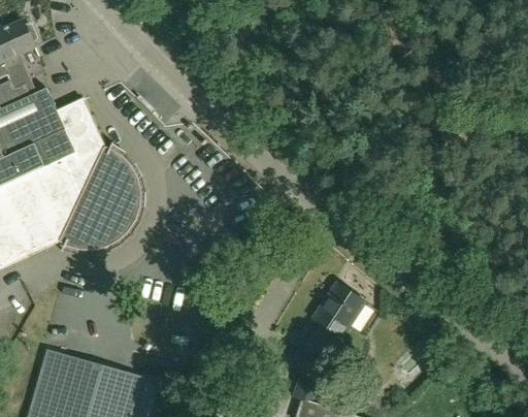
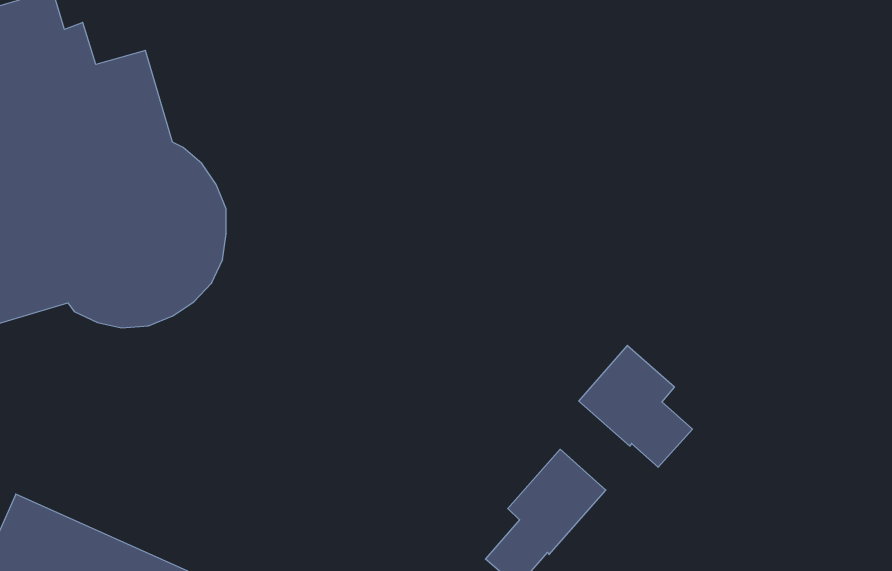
building: none -> [579,345,692,467]

